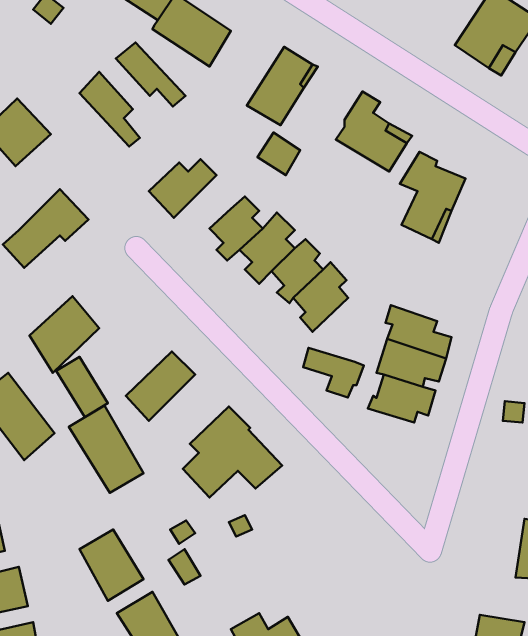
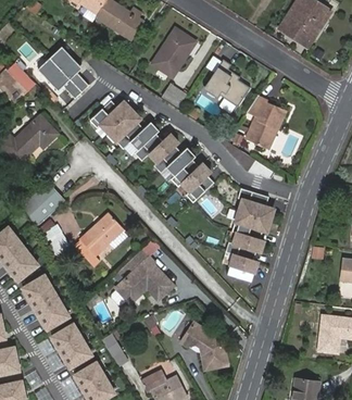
building: [116,43,185,107] -> [39,58,81,97]
building: none -> [109,108,143,149]
building: [303,348,364,398] -> [224,250,261,280]
building: [69,406,144,493] -> [22,275,67,328]
building: none -> [180,321,227,370]

